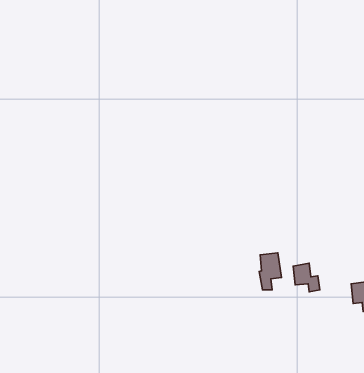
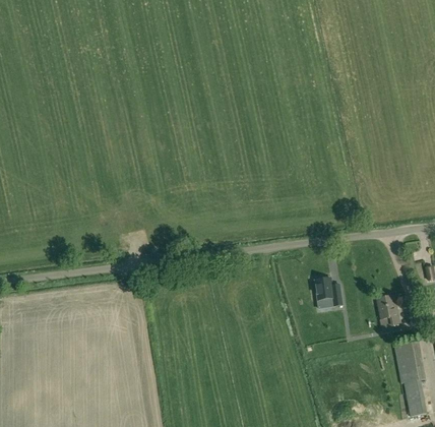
building: [259,253,281,290] -> none

